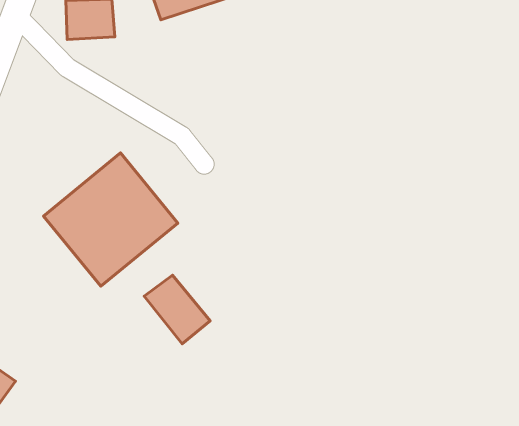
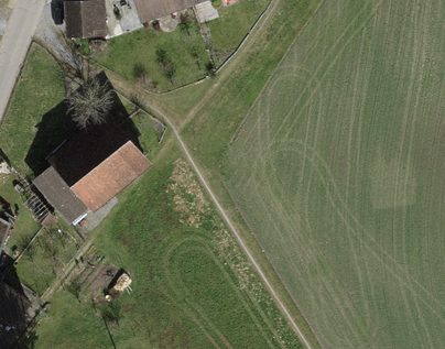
building: [144,275,210,344] -> none

